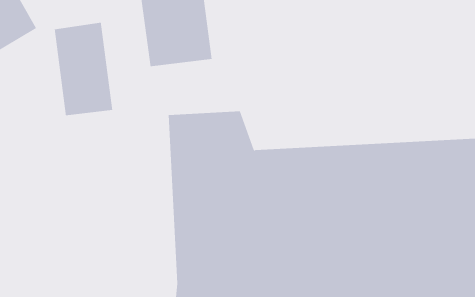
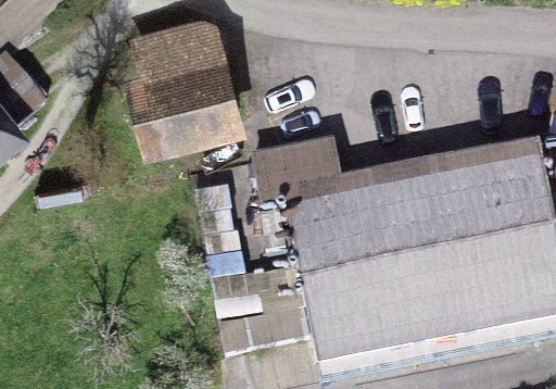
building: [54,22,113,116] -> none

